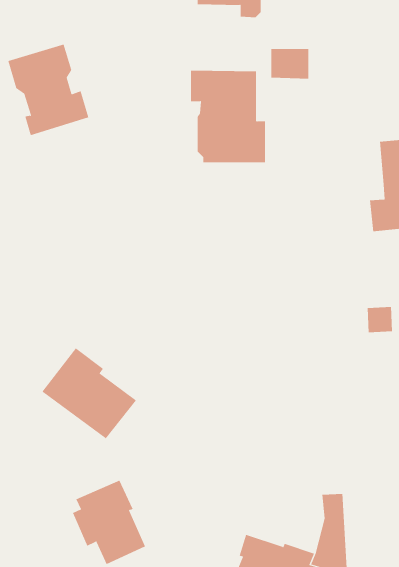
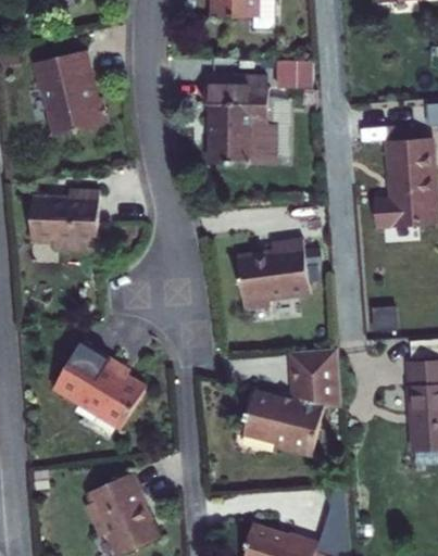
building: none -> [40,188,107,247]
building: none -> [237,244,310,315]
building: none -> [242,348,341,446]

